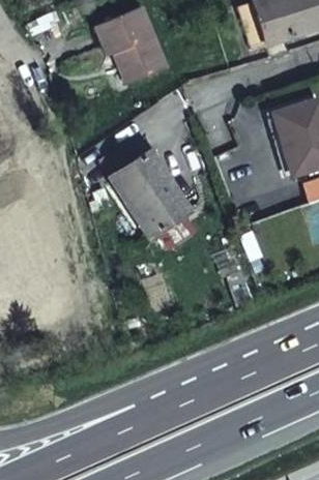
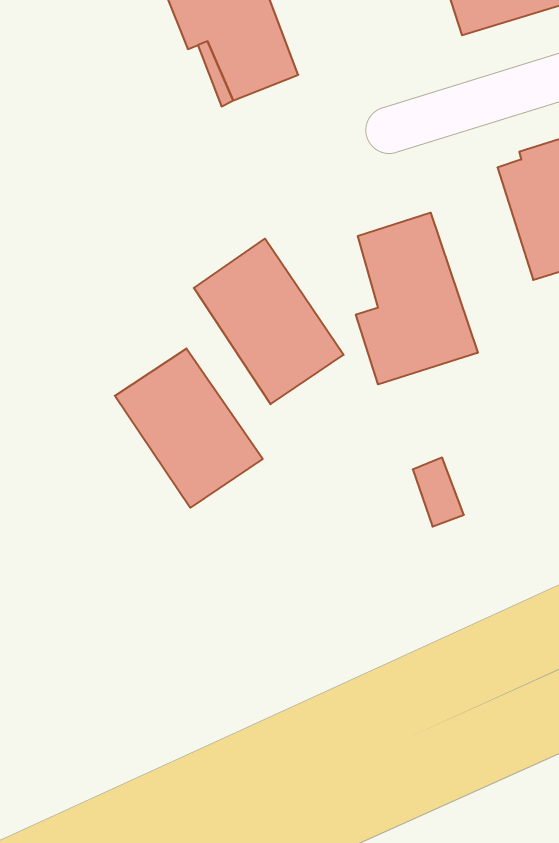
building: none -> [356,213,478,384]
building: none -> [115,348,263,508]

